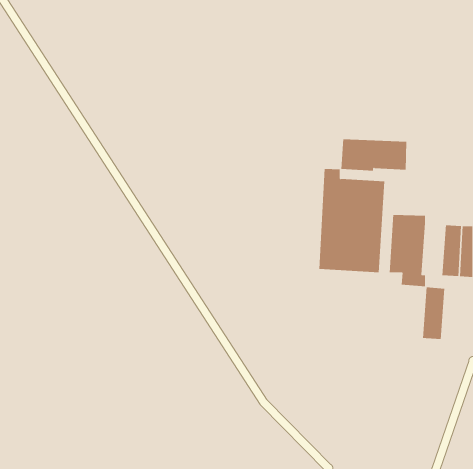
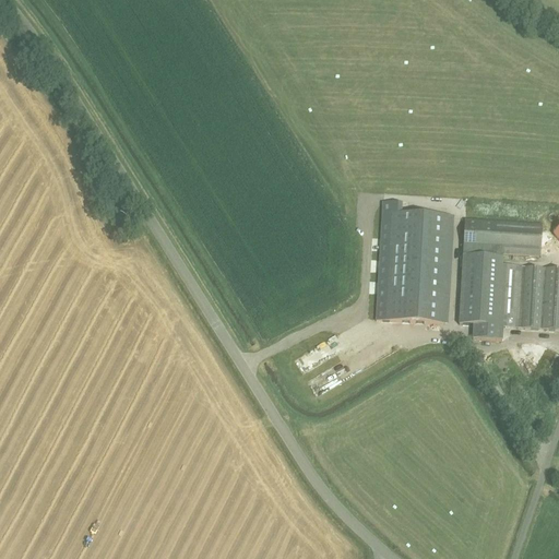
building: [341,139,407,171] -> [463,216,542,254]
building: [422,287,445,339] -> [498,263,525,325]

